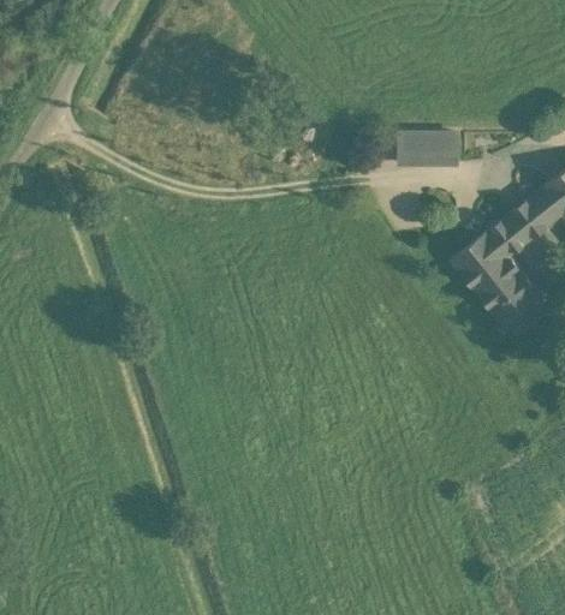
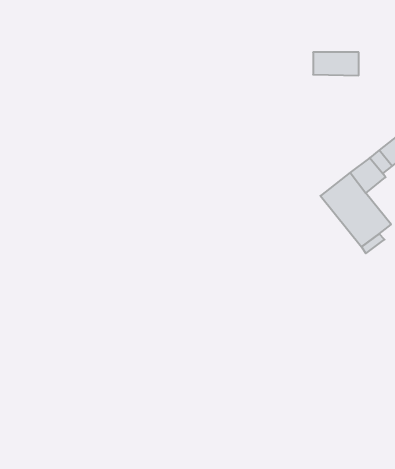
building: [398,136,457,166] -> [313,52,359,75]

